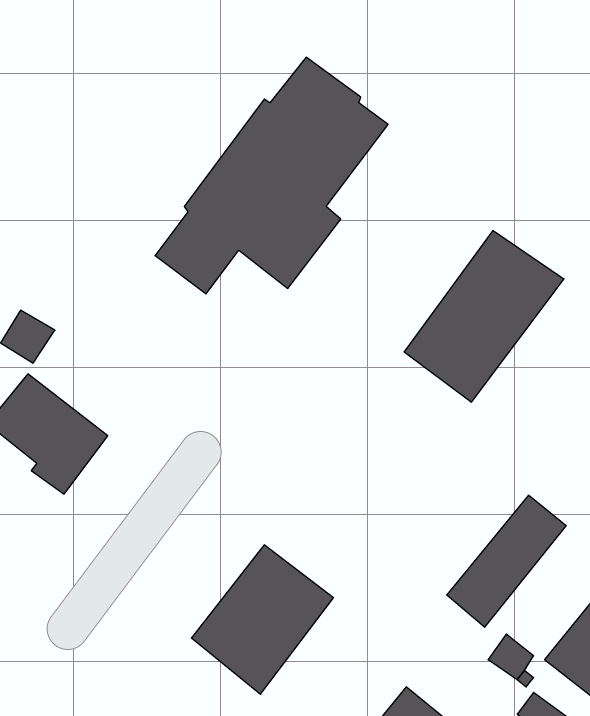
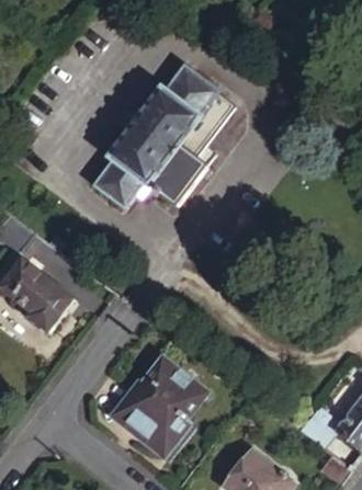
building: [404,231,564,402] -> none
building: [447,495,566,627] -> none

